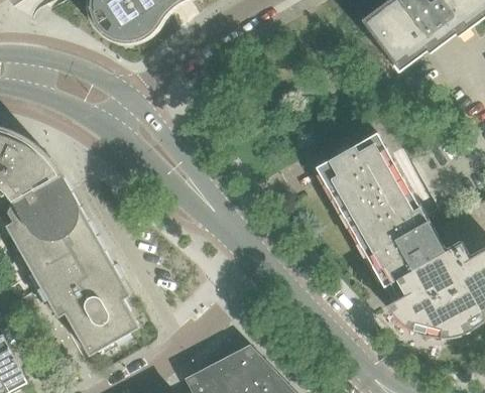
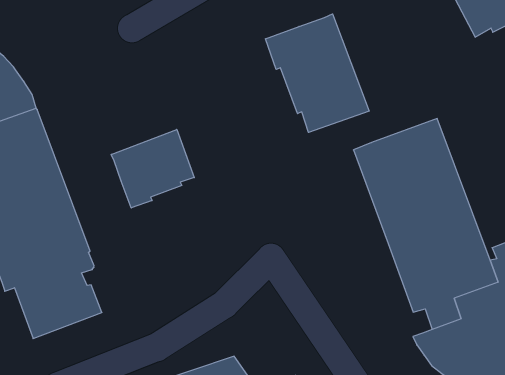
building: none -> [265,14,369,132]
building: none -> [111,129,194,208]

